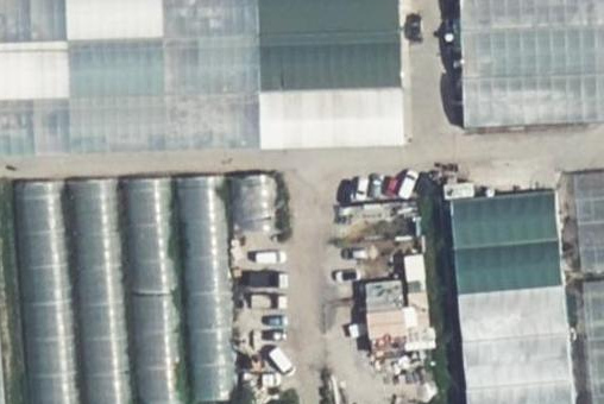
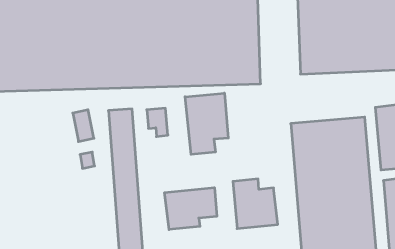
building: none -> [185,93,228,154]
building: none -> [165,188,217,230]

